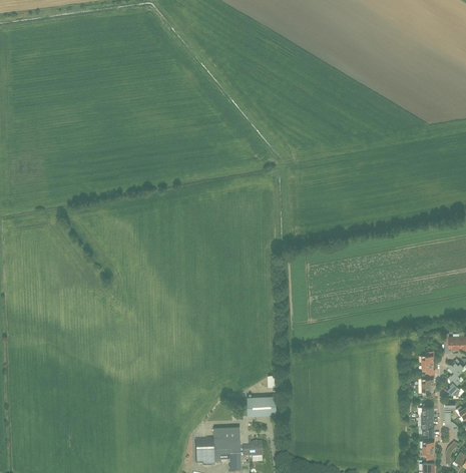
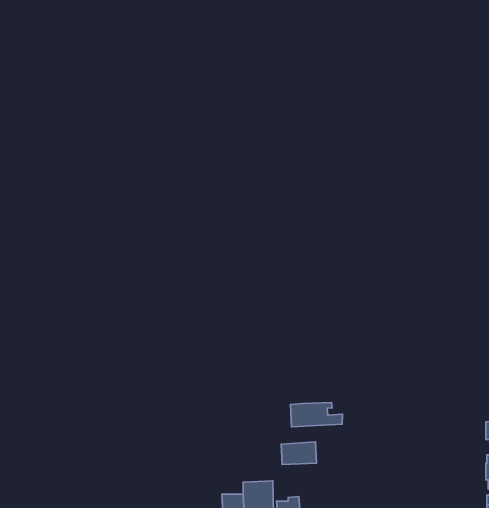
building: none -> [291,402,343,427]

